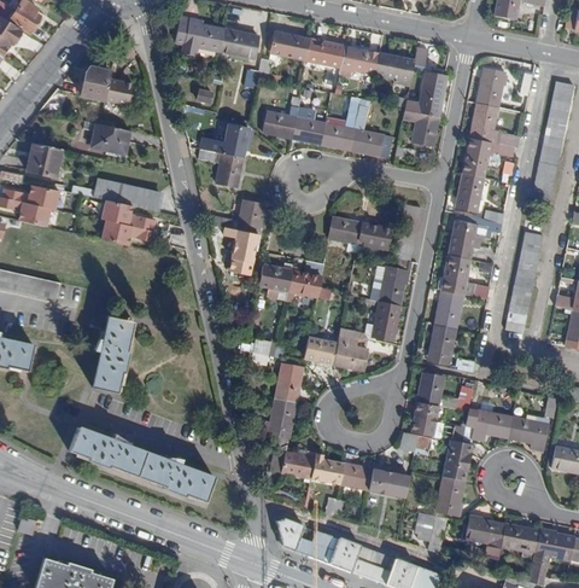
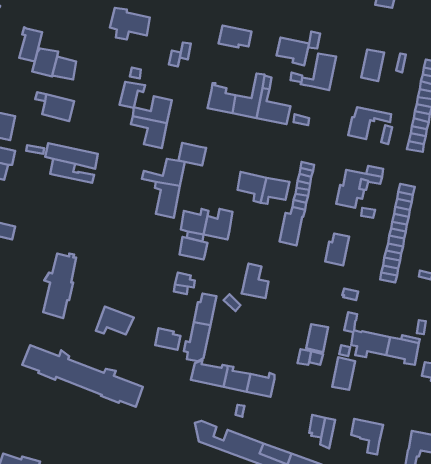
building: [218,29,258,60] -> none
building: [271,31,310,60] -> none
building: none -> [19,27,42,61]
building: [339,46,380,76] -> none
building: [472,101,520,147] -> none
building: none -> [119,82,145,108]
building: [263,111,297,139] -> [178,143,206,166]
building: [411,112,439,146] -> none
building: [455,171,484,213] -> none
building: [101,220,157,244] -> none
building: [443,255,490,299] -> none
building: [374,301,399,340] -> none
building: [429,325,456,363] -> none
building: [304,336,338,363] -> [179,237,207,260]
building: [417,372,444,404] -> none
building: none -> [96,307,134,334]
building: none -> [155,328,181,350]
building: [368,462,409,495] -> none
building: [438,477,463,514] -> none
building: [499,523,539,552] -> none

